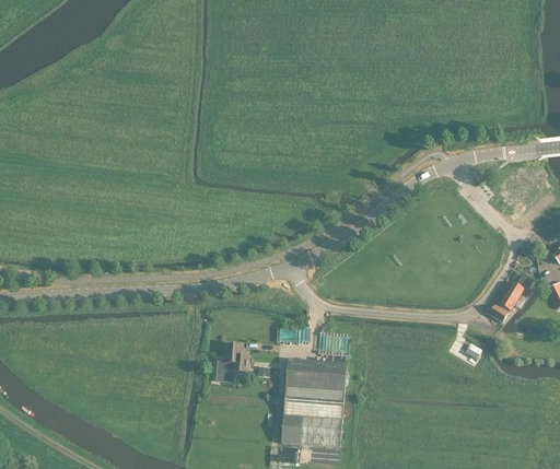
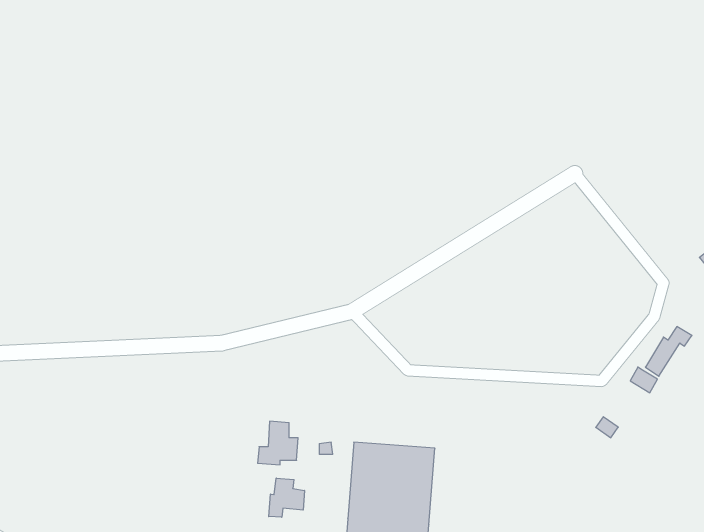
building: none -> [269,478,304,517]

